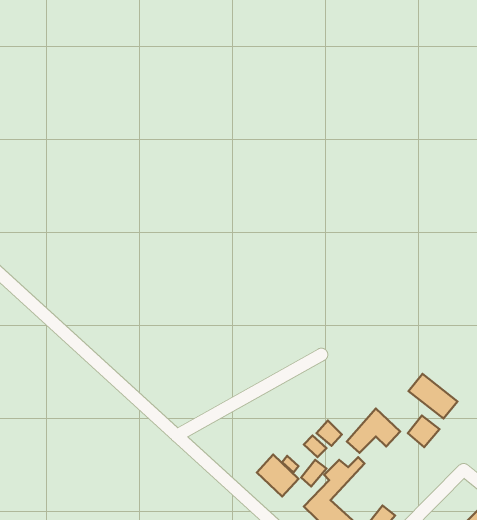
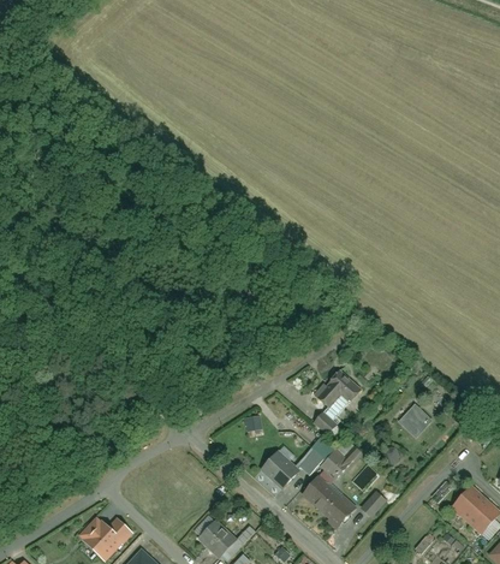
building: [408,374,457,419] -> none
building: [347,409,400,453] -> [312,363,363,405]

